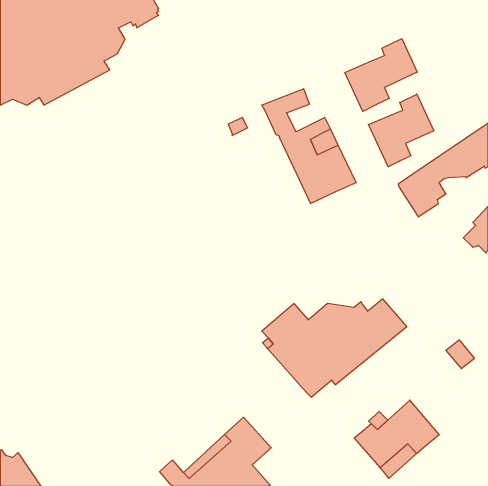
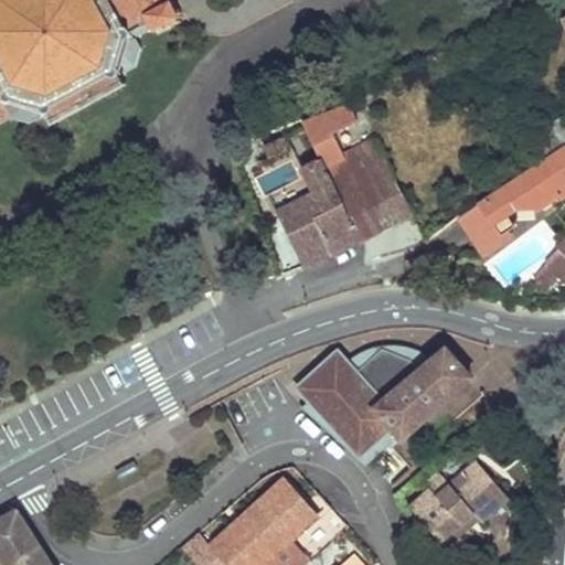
building: [345,39,417,111] -> none
building: [368,94,434,167] -> none
building: none -> [278,160,359,263]

